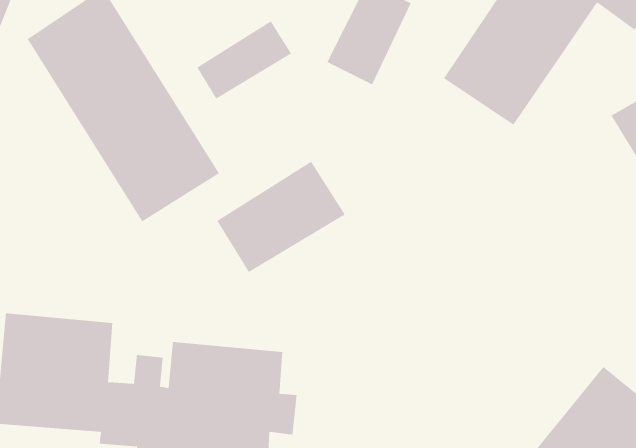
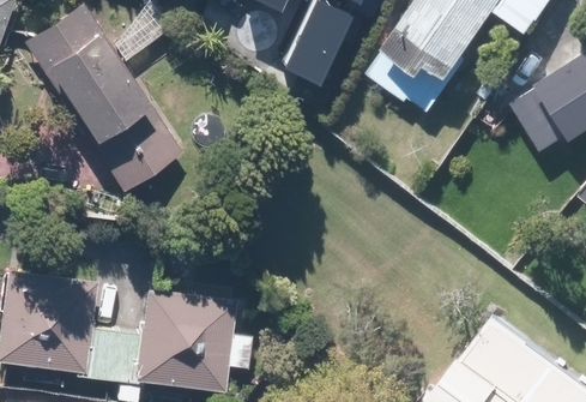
building: [196,20,292,100] -> none
building: [217,161,345,273] -> none

